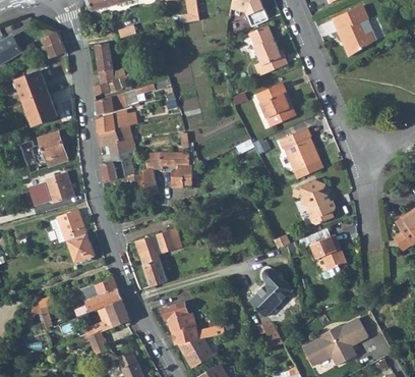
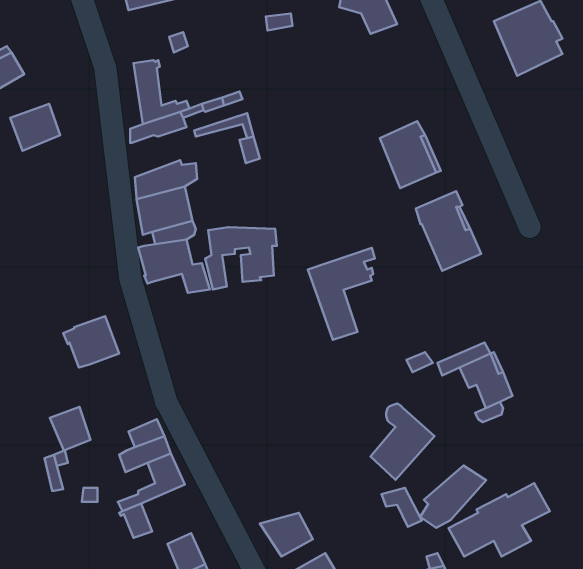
building: [248,24,287,75] -> none
building: [41,32,65,59] -> none
building: [23,91,57,124] -> none
building: [95,91,126,114] -> none
building: [22,130,67,172] -> none
building: [29,171,74,205] -> none
building: [294,178,335,222] -> none
building: [134,227,178,287] -> [308,248,375,340]
building: [67,233,94,262] -> [50,407,90,451]
building: [163,303,228,345] -> none
building: none -> [420,465,486,528]

